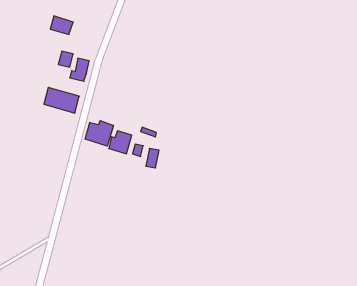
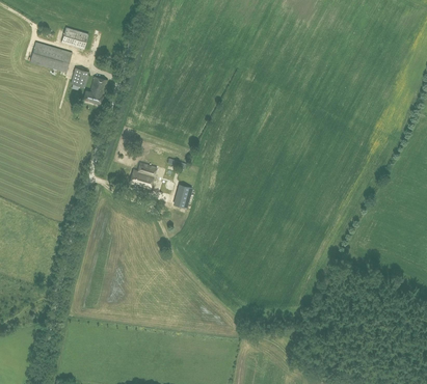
building: [44,87,79,113] -> [30,43,72,73]
building: [85,121,113,146] -> none

